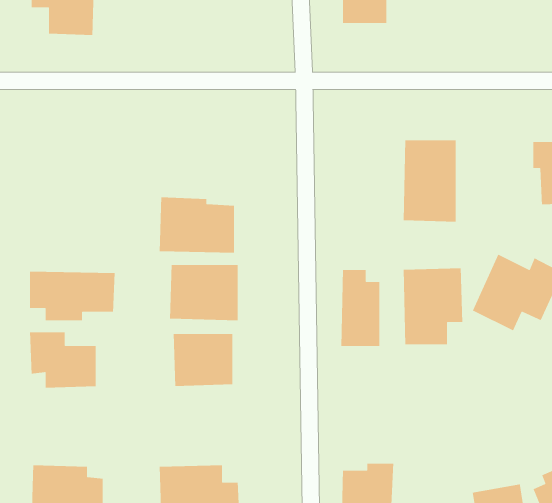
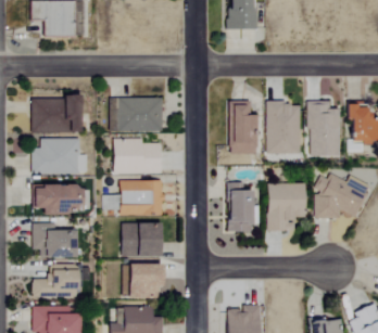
building: none -> [32,97,80,132]
building: none -> [121,98,165,131]
building: none -> [230,101,259,154]
building: none -> [311,101,342,156]
building: none -> [32,138,87,174]
building: none -> [33,262,77,298]
building: none -> [128,264,162,297]

